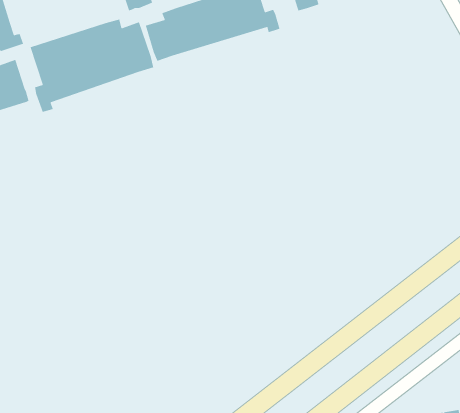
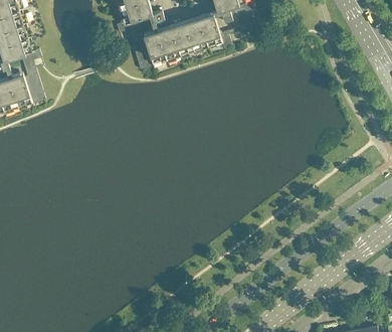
building: [30,19,154,113] -> none

